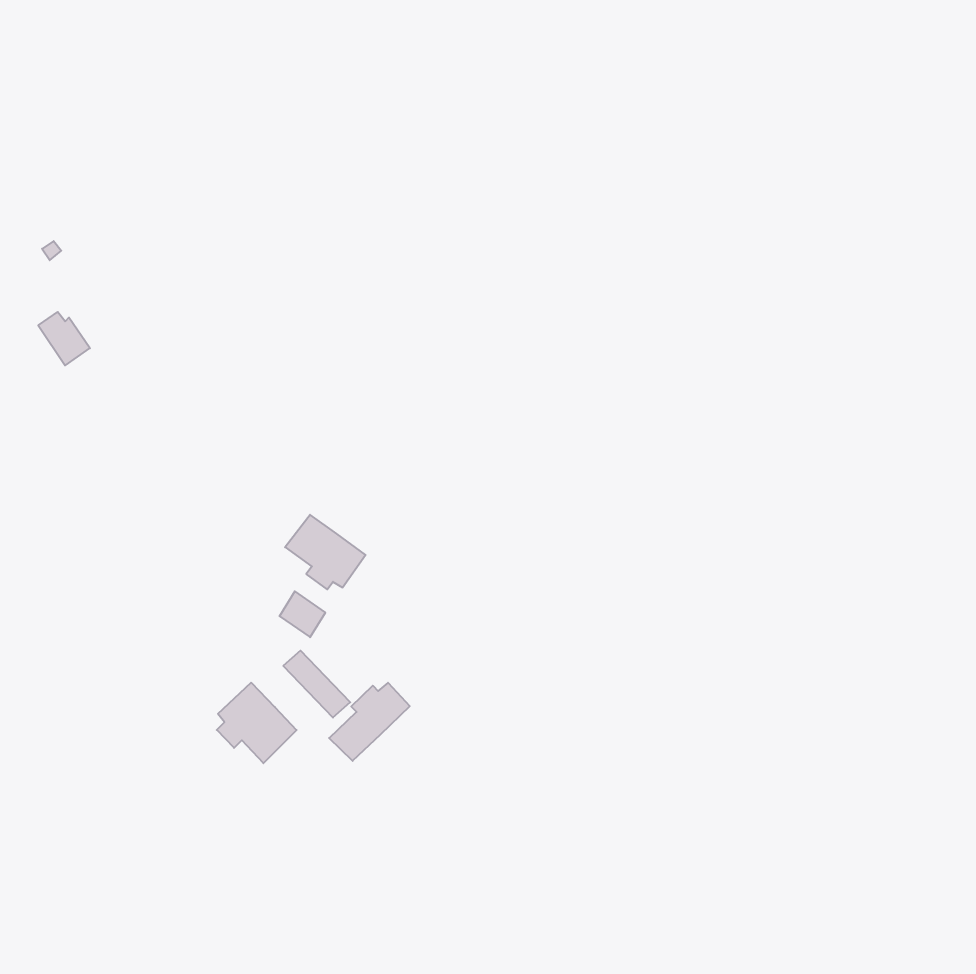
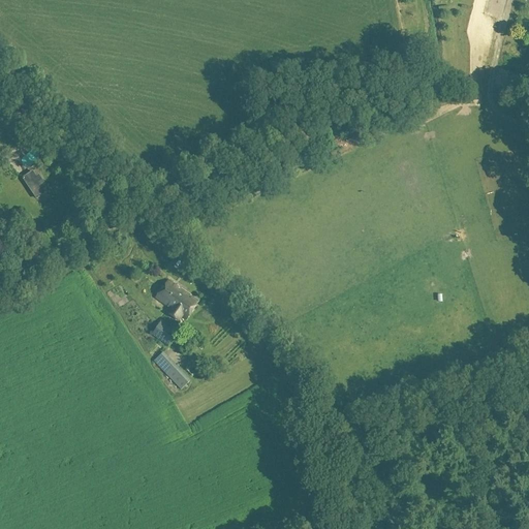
building: [217,683,297,763] -> none
building: [329,683,410,761] -> none

